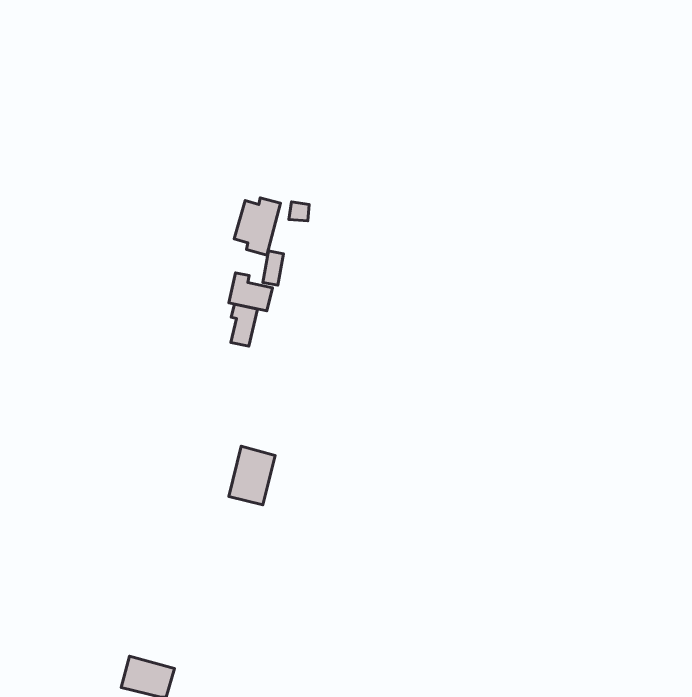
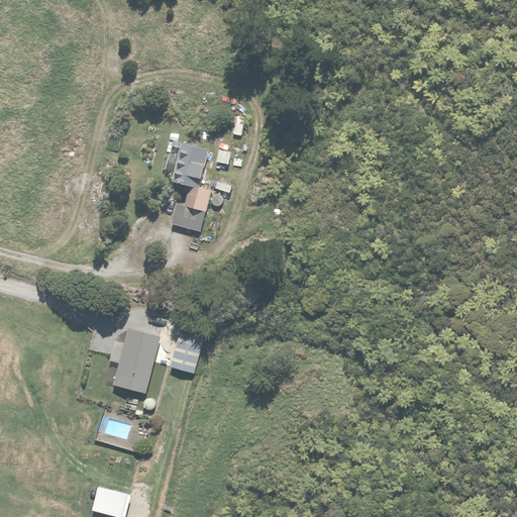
building: [231,304,258,346] -> none
building: none -> [113,329,159,392]

